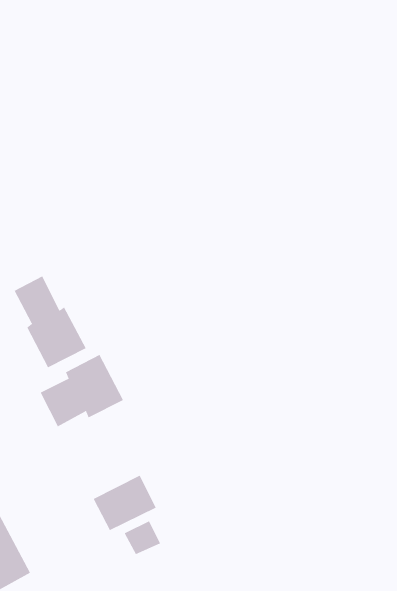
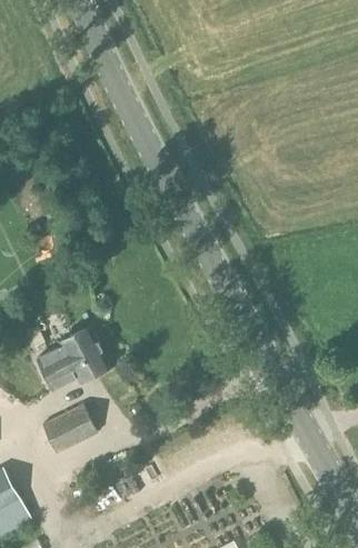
building: [14,276,87,368] -> none
building: [93,475,157,531] -> [42,405,98,454]

